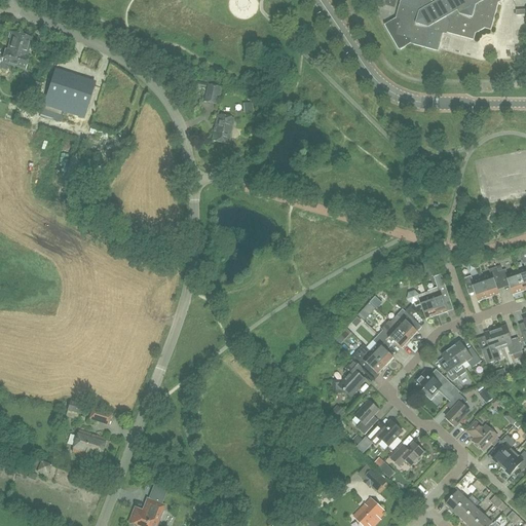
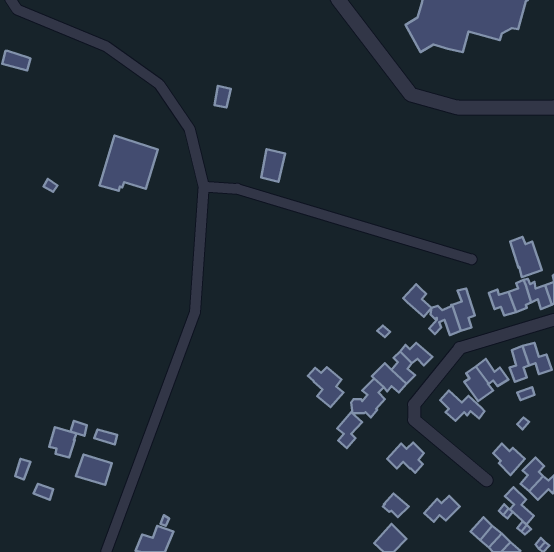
building: [7,30,32,54] -> none
building: [40,67,96,119] -> [99,136,158,191]
building: [212,112,234,143] -> [261,149,285,182]
building: none -> [510,237,542,277]
building: [390,307,417,338] -> [403,284,431,317]
building: none -> [308,367,343,407]
building: [446,389,469,425] -> none
building: [355,400,379,434] -> [337,412,362,448]
building: none -> [49,427,76,458]
building: [390,441,424,465] -> [424,496,460,522]
building: none -> [505,487,534,525]

